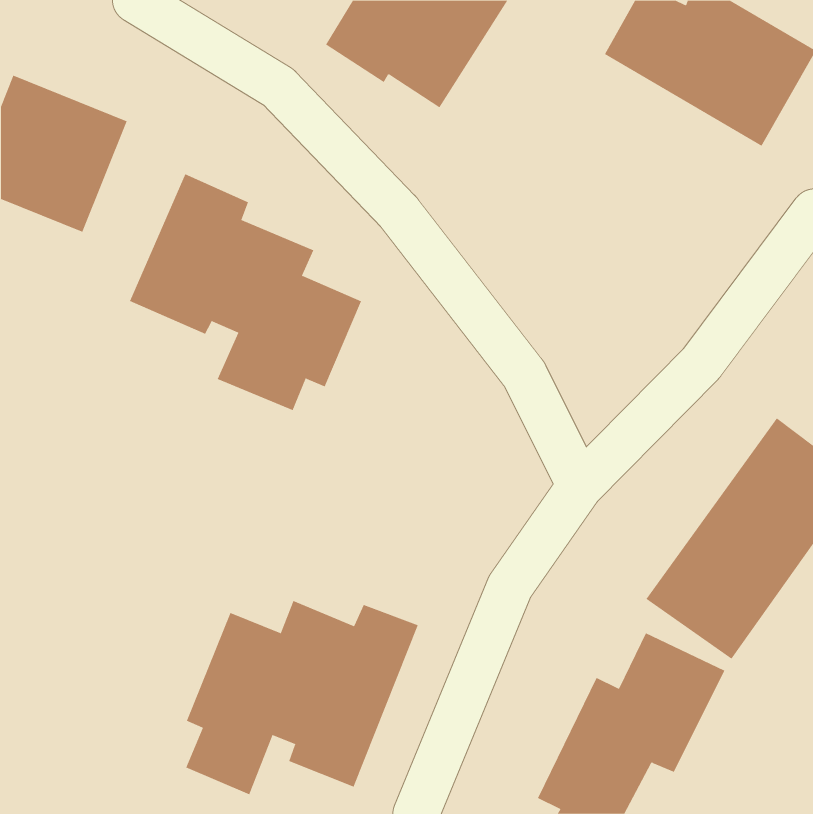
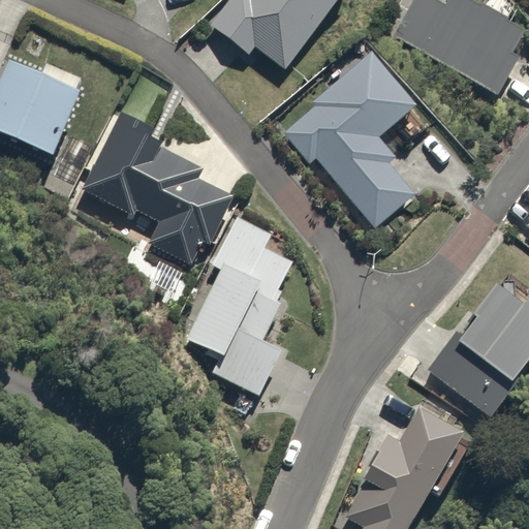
building: none -> [284,51,417,222]
building: none -> [184,211,295,397]
building: [185,600,418,795] -> none

